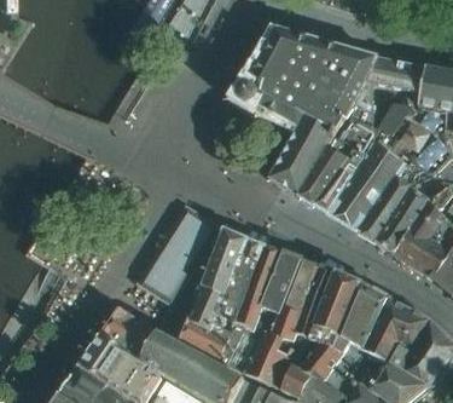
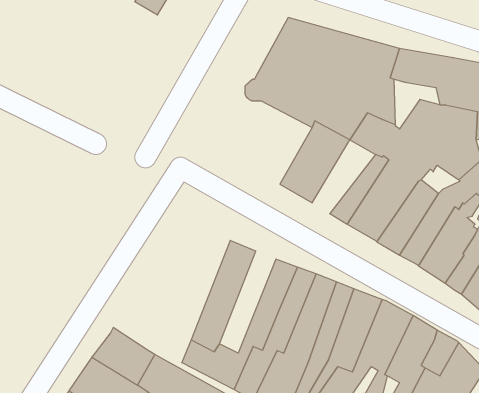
building: [297,138,354,205] -> none
building: [139,205,216,300] -> none
building: [214,238,265,330] -> none

